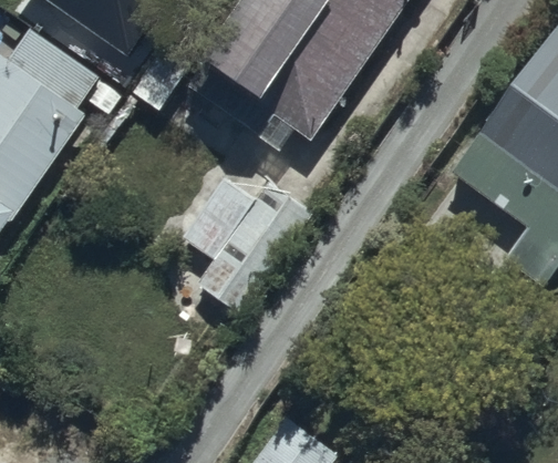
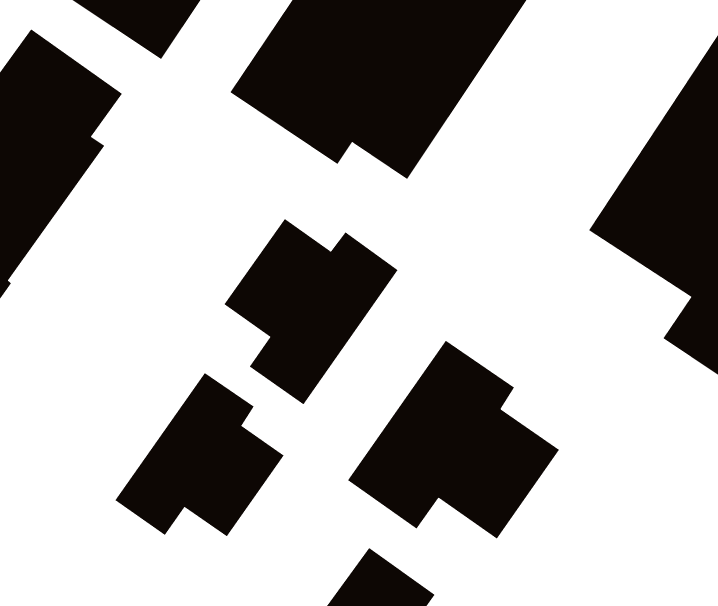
building: none -> [347,340,560,539]
building: none -> [115,372,284,537]

